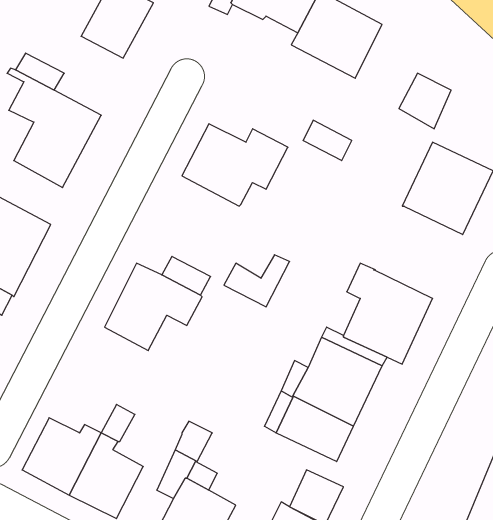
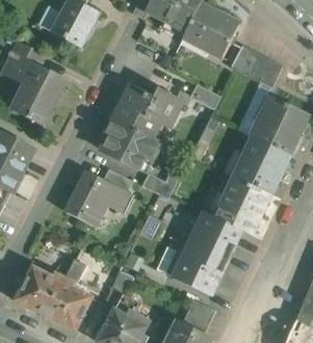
building: none -> [230,44,260,76]
building: none -> [102,117,159,169]
building: none -> [233,136,288,193]

